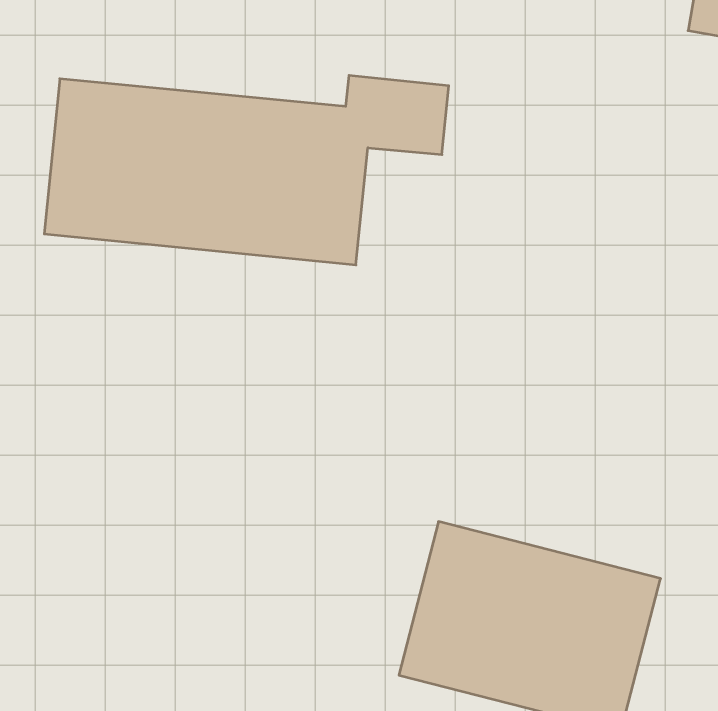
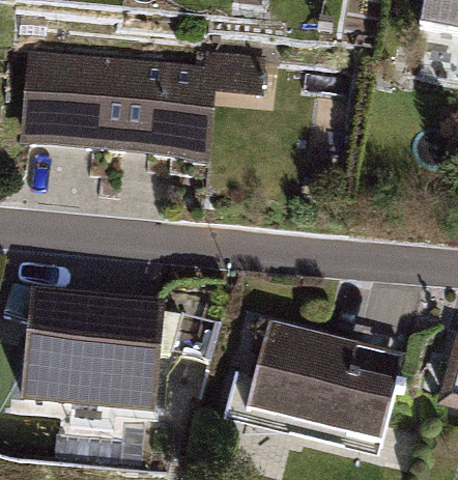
building: none -> [15,286,158,410]

